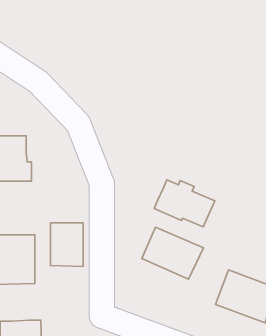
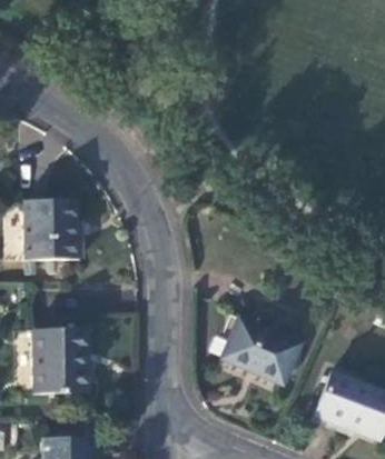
building: [154,180,215,227] -> none
building: [51,223,83,266] -> none

